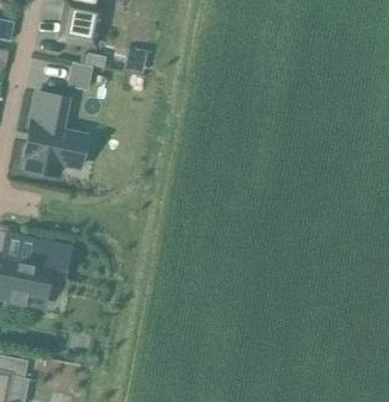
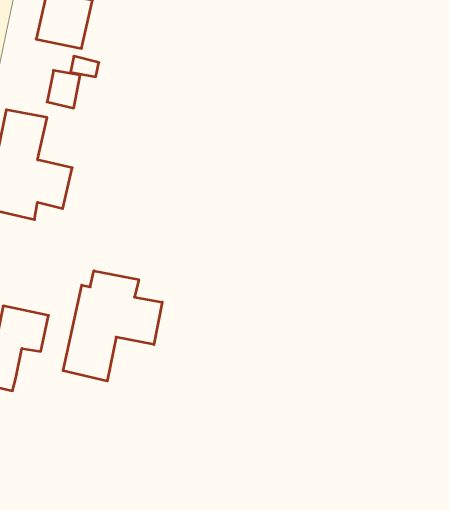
building: none -> [63,271,162,381]

